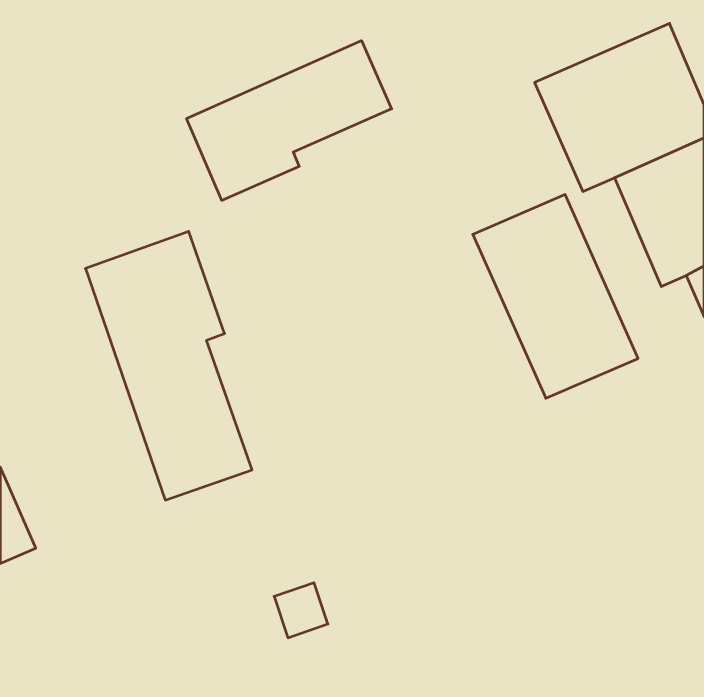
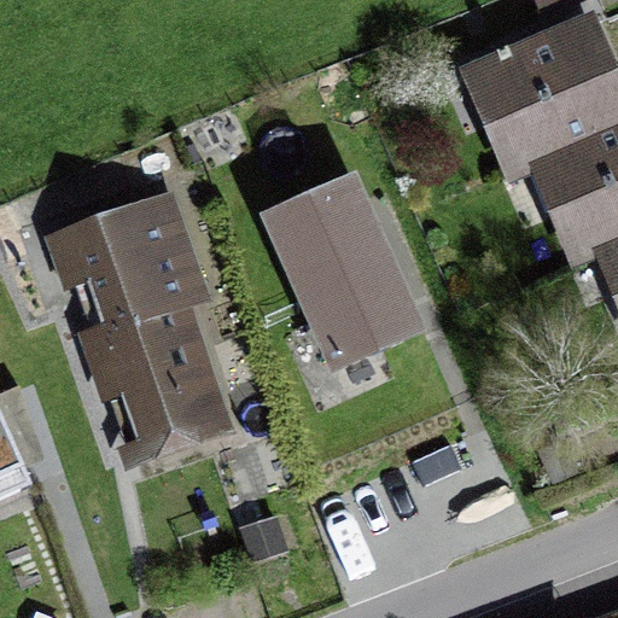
building: [187,41,392,200] -> none
building: [473,194,638,398] -> [272,180,416,358]

